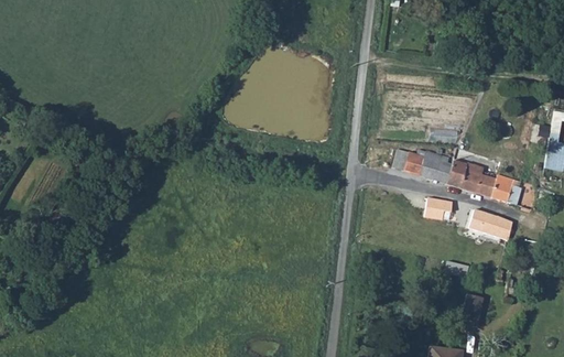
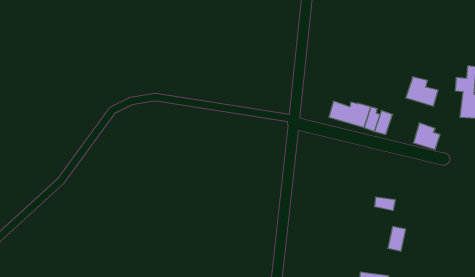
building: [459,163,497,197] -> [406,77,438,106]
building: [424,198,453,220] -> none
building: [468,209,513,246] -> none

